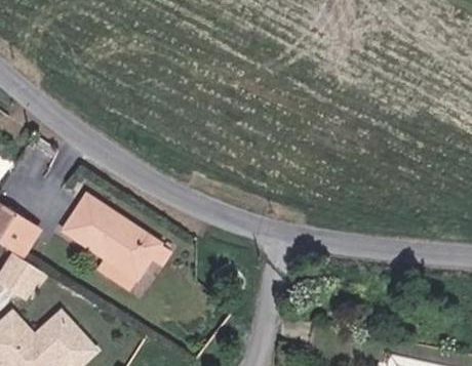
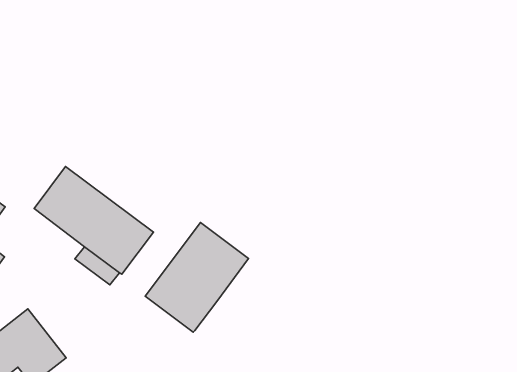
building: none -> [145,223,249,332]

